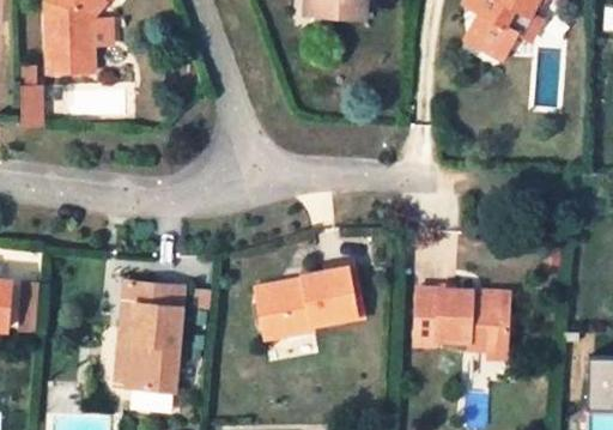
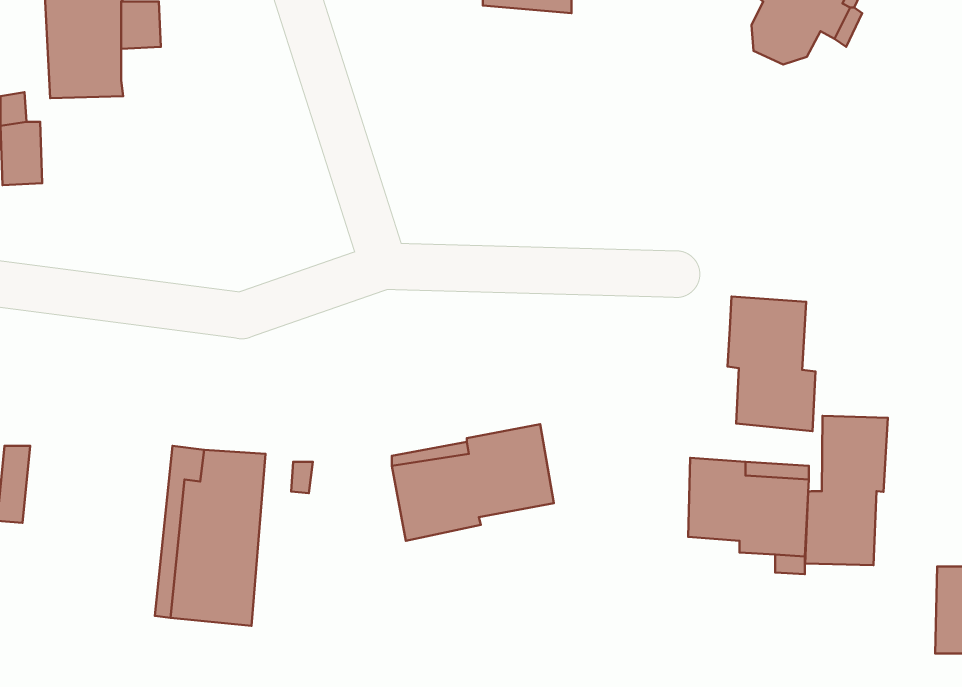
building: none -> [727,296,815,431]
building: none -> [805,416,888,565]
building: [413,287,438,337] -> none

